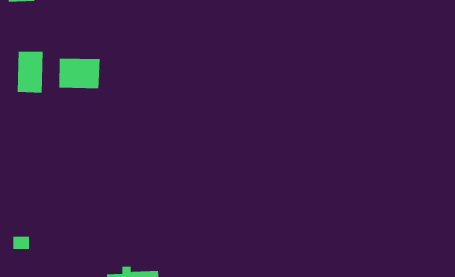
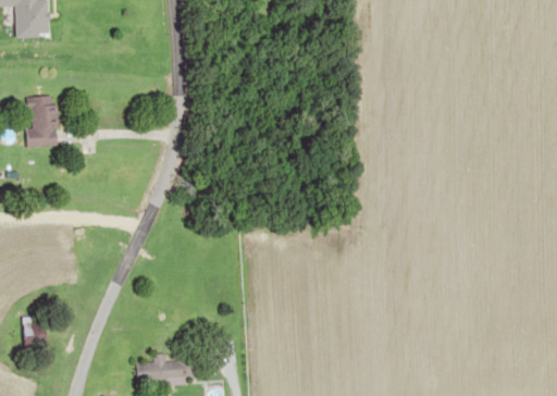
building: [59,58,100,89] -> none

